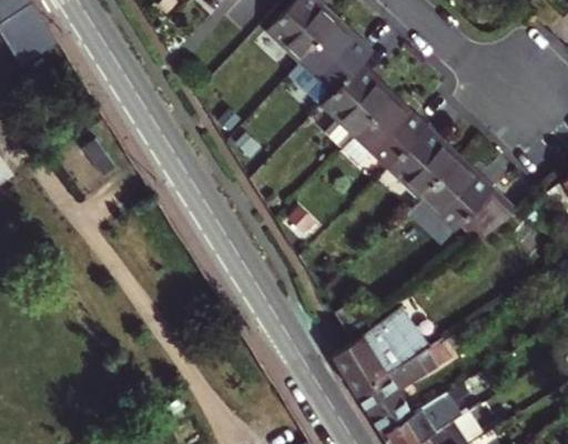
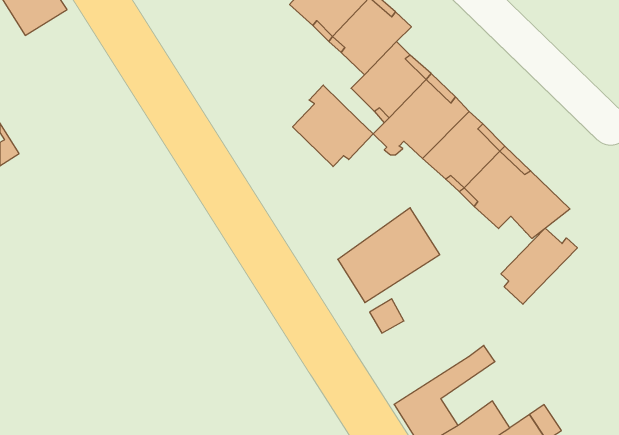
building: none -> [293,85,373,167]
building: none -> [501,228,577,304]
building: [333,310,425,395] -> [338,208,440,303]

